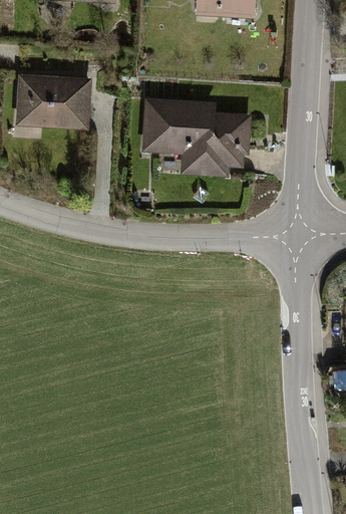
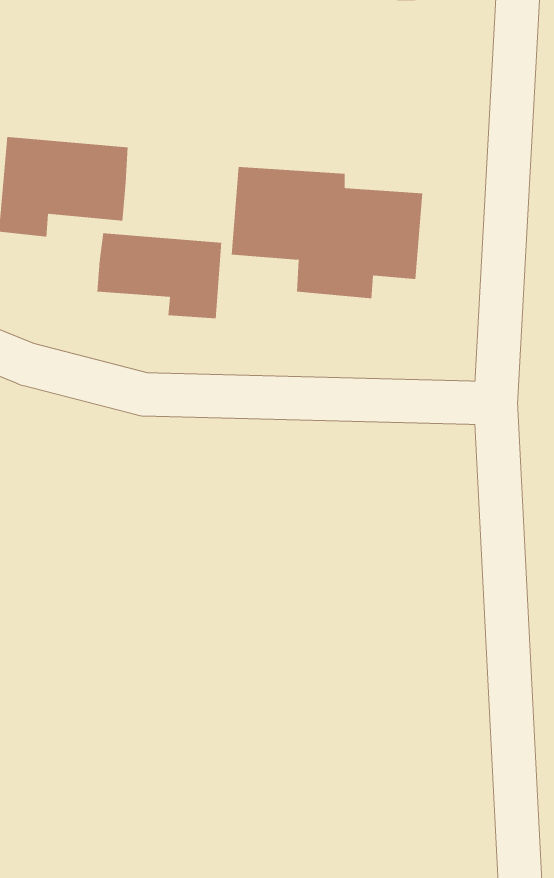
building: none -> [97,232,222,319]

